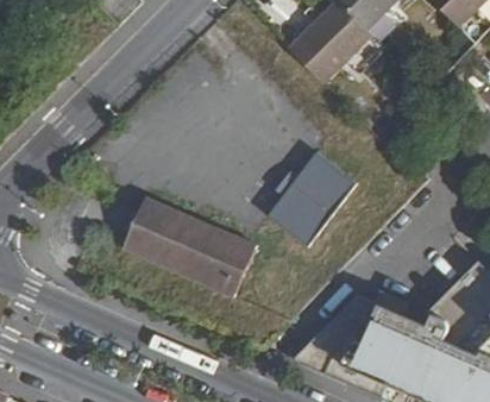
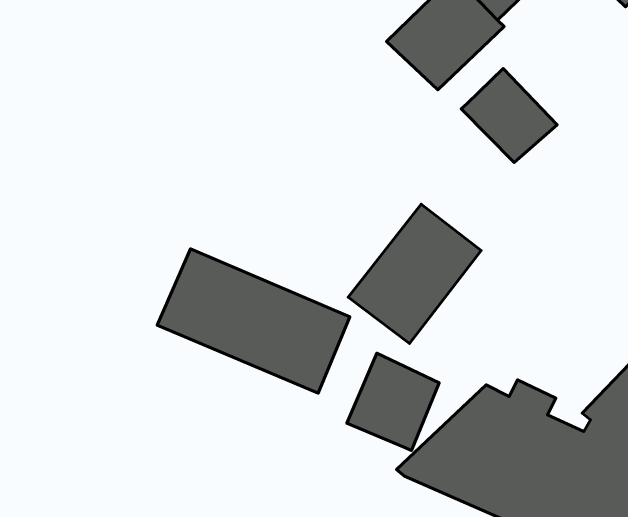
building: none -> [461,68,557,163]
building: none -> [347,353,439,451]

